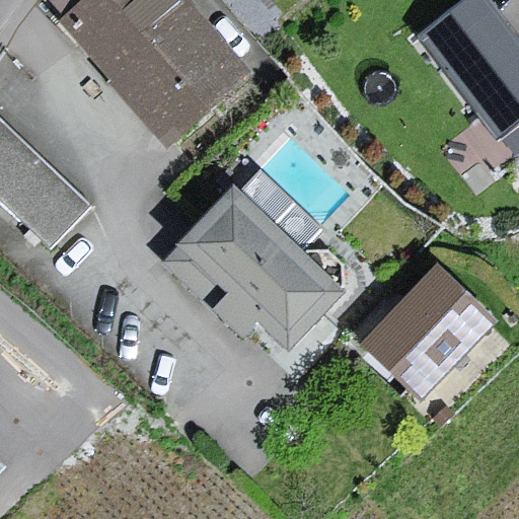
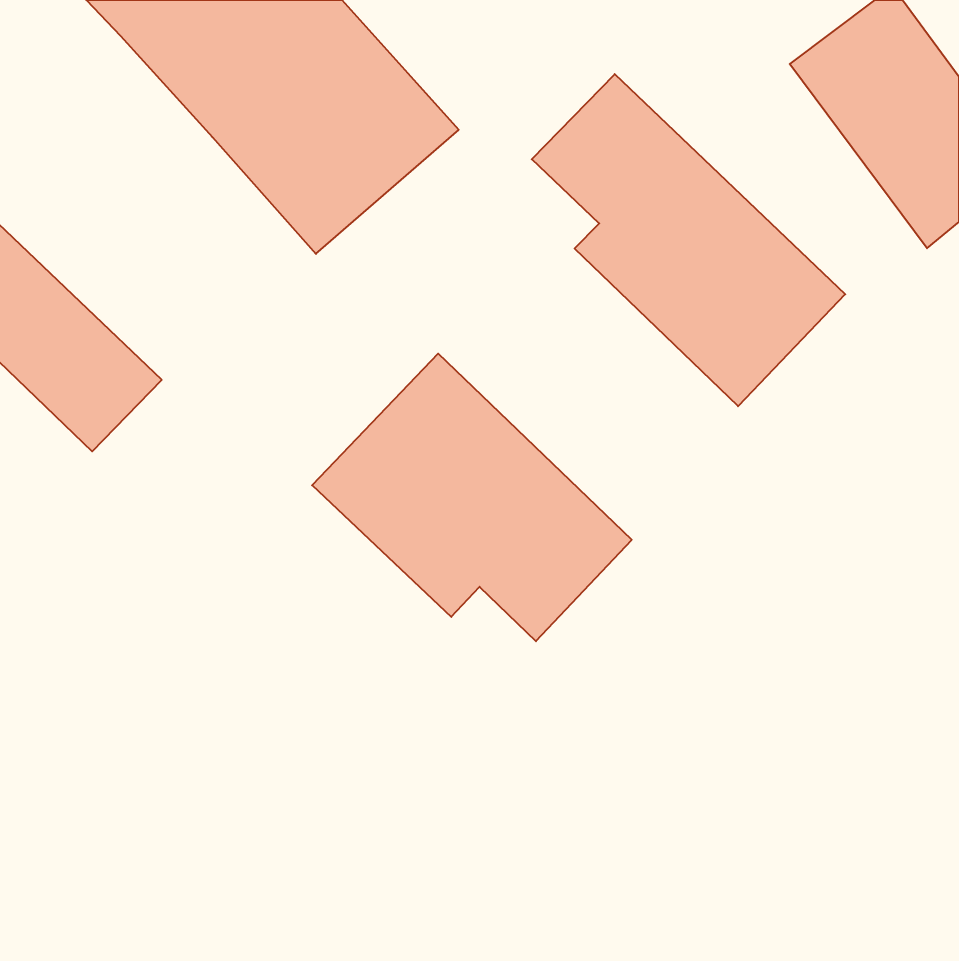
building: none -> [532,74,845,406]
building: [369,270,491,391] -> none

